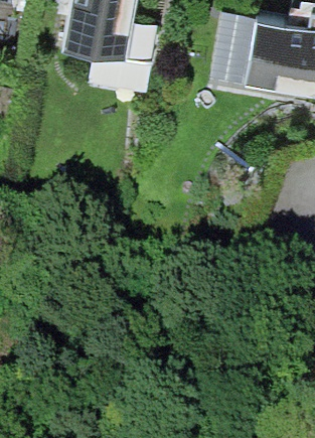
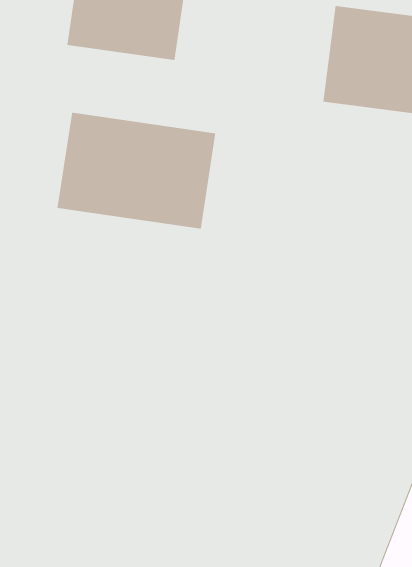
building: none -> [57,112,216,229]

